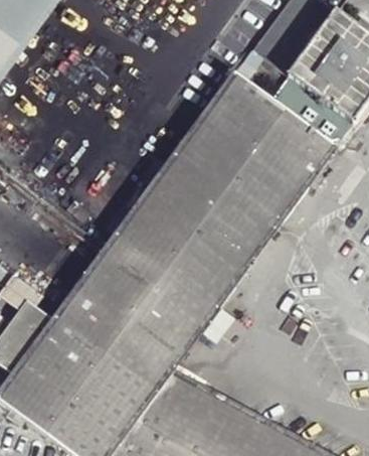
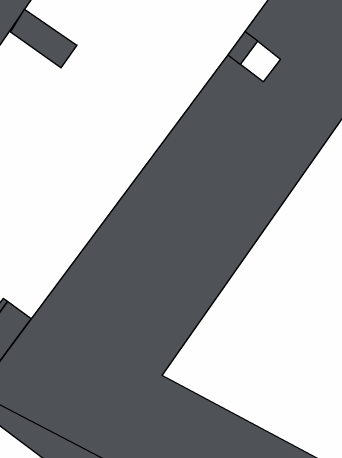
building: none -> [11,9,77,68]

